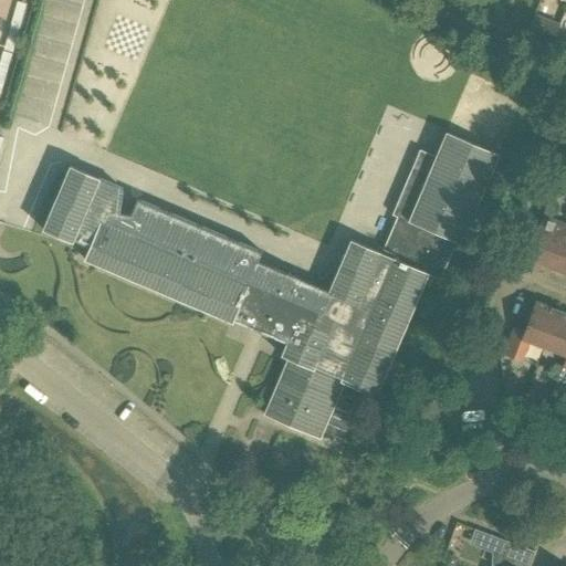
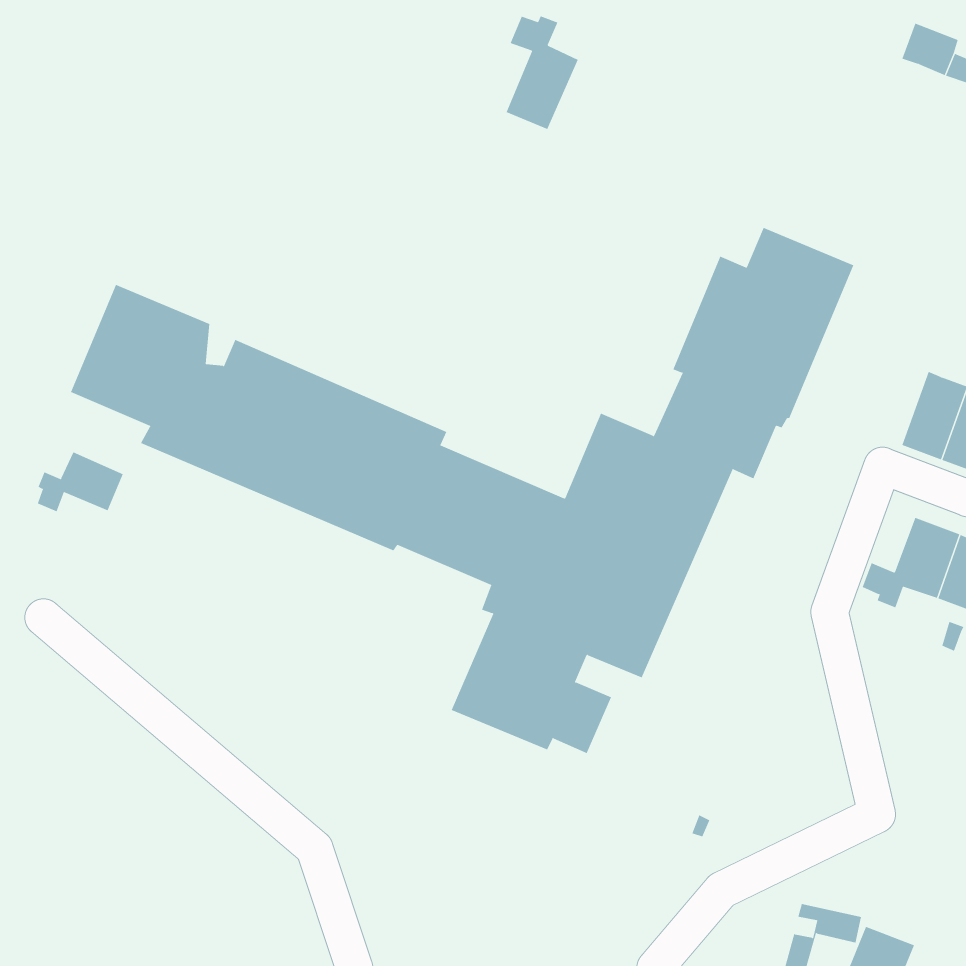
building: none -> [506,15,578,130]
building: none -> [37,452,124,512]

